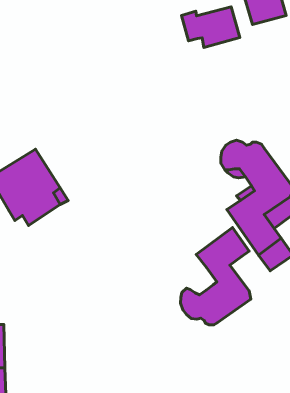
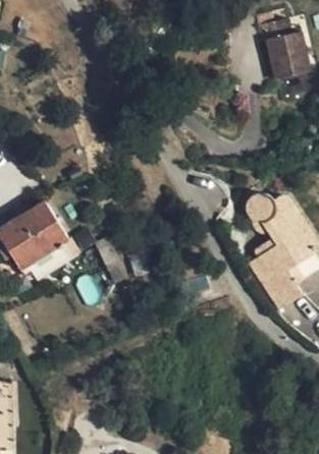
building: [182,7,240,47] -> none
building: [180,227,251,325] -> none

